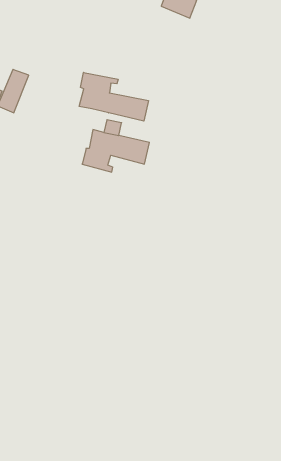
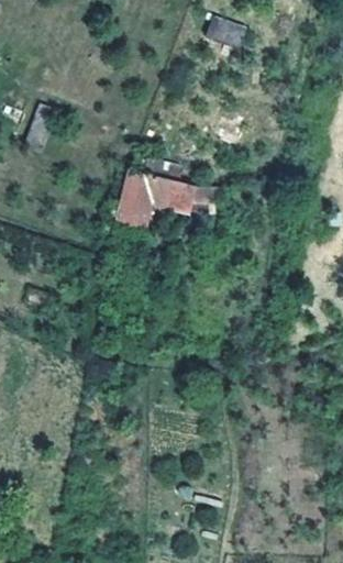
building: [79,72,148,121] -> none

